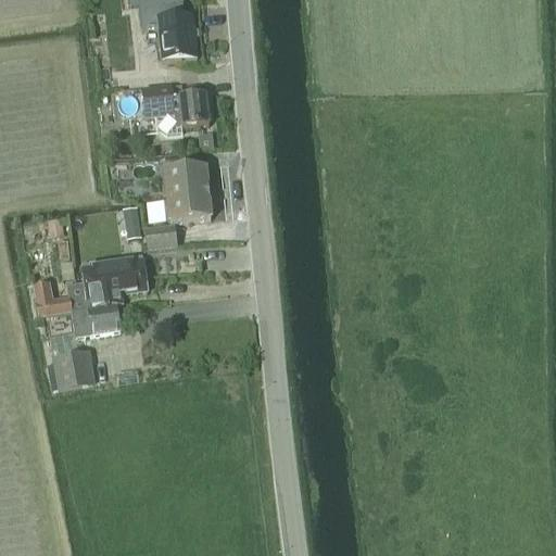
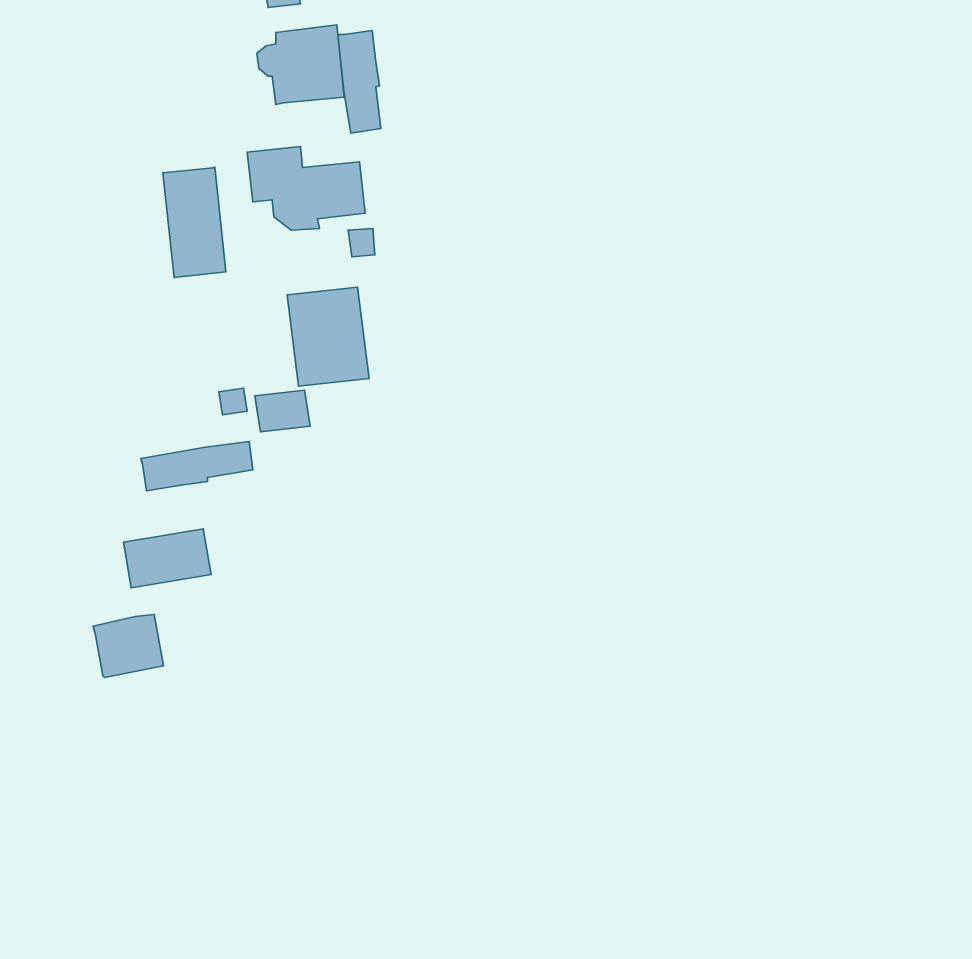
building: none -> [338,31,381,133]
building: none -> [163,167,226,277]
building: [33,268,148,315] -> none

